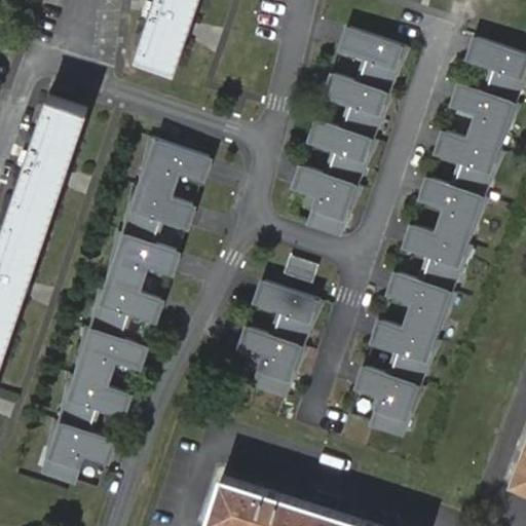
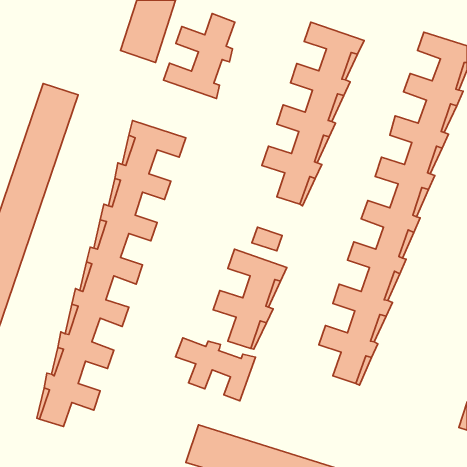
building: none -> [163,14,235,98]
building: none -> [176,338,255,401]

